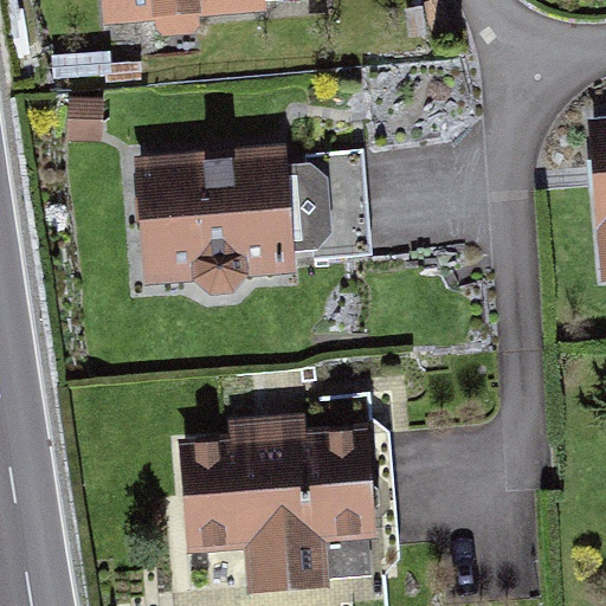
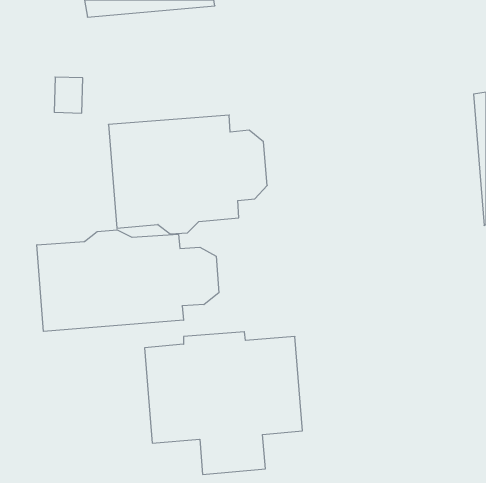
building: none -> [37,230,219,331]

